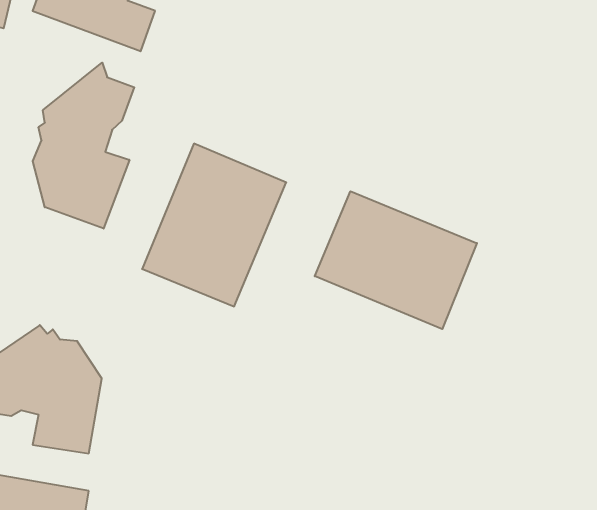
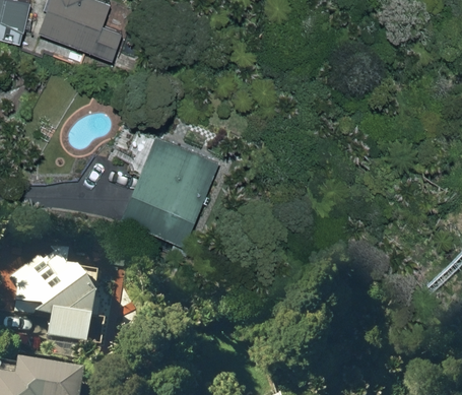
building: [33,63,134,229] -> none
building: [315,191,477,329] -> none

